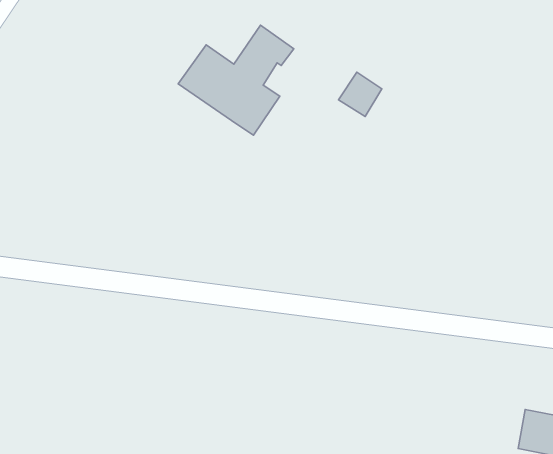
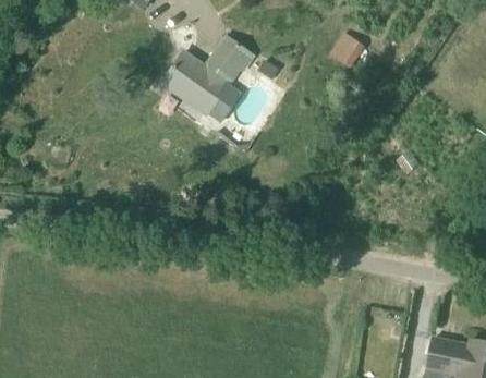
building: [339,72,382,117] -> [331,31,365,65]

